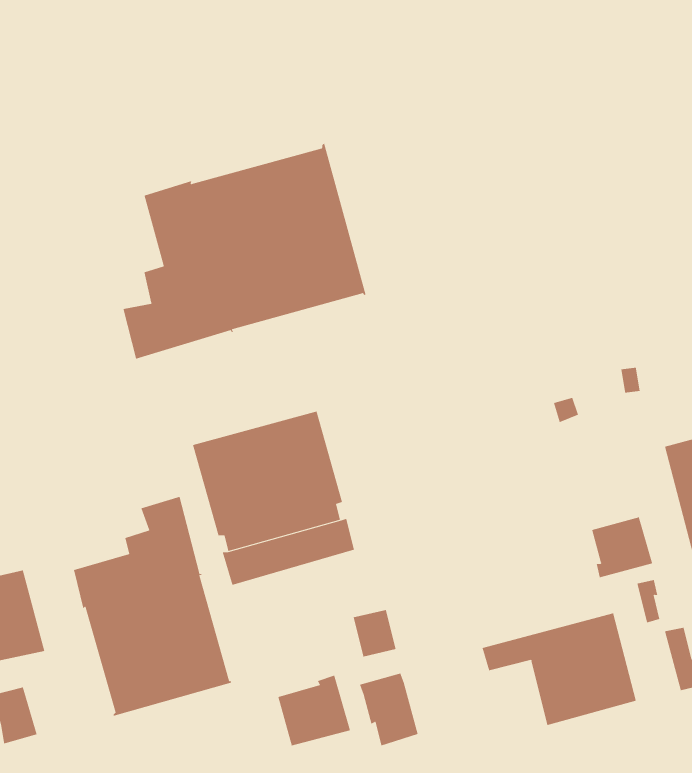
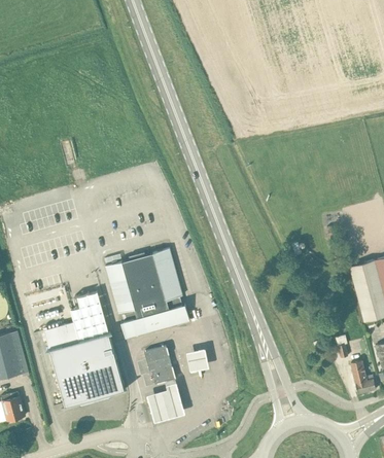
building: [123,143,366,360] -> none
building: [592,517,653,578] -> none
building: [482,612,637,726] -> none
building: [359,673,419,746] -> [143,346,174,384]

